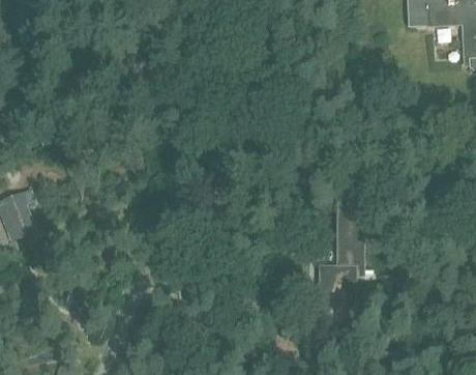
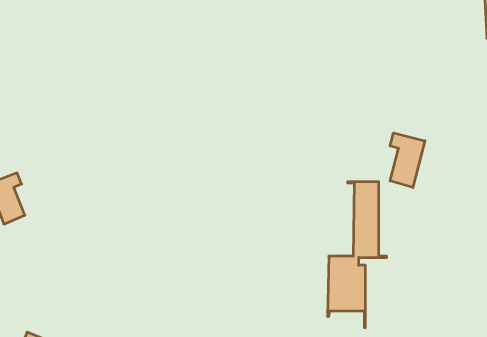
building: none -> [390,133,425,188]

